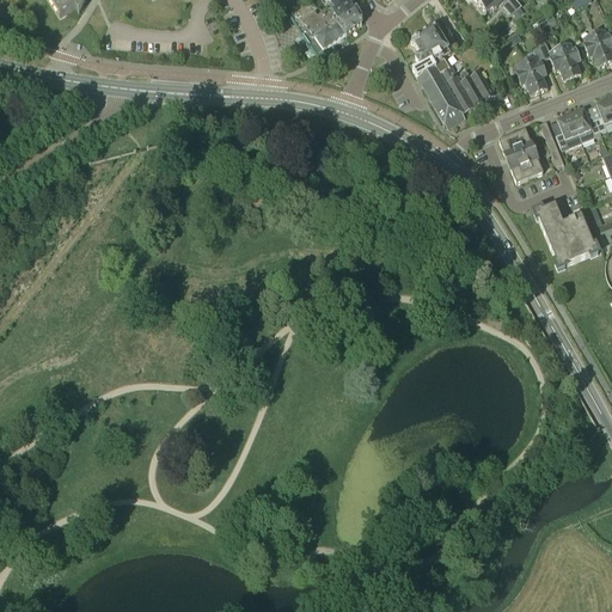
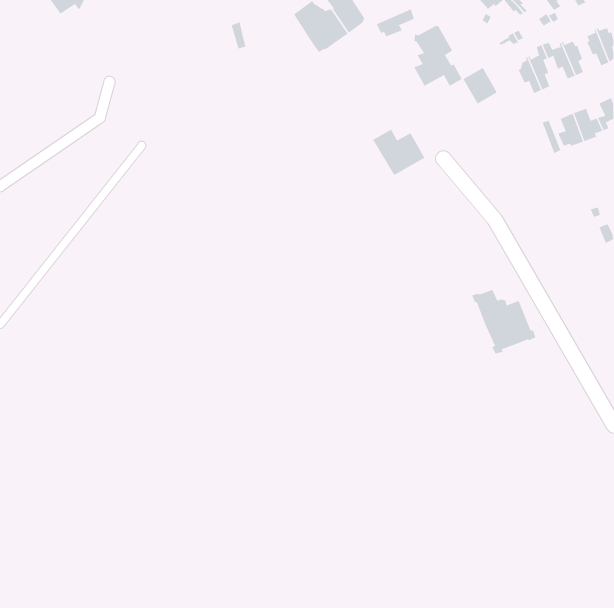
building: none -> [376,8,415,37]
building: [422,75,475,122] -> [372,129,425,176]
building: [498,128,543,182] -> none
building: [533,203,598,268] -> [471,289,536,354]

